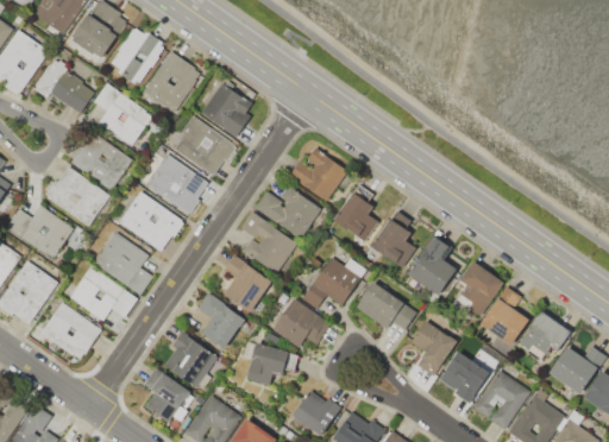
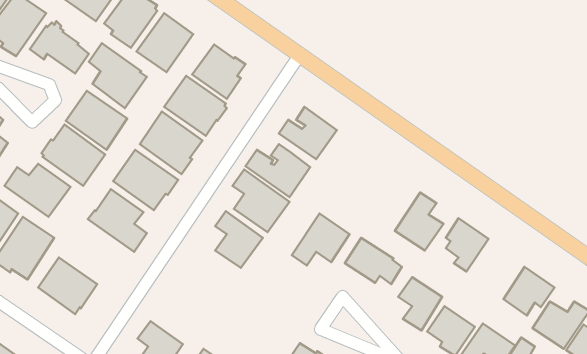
building: [332,185,377,242] -> none
building: [370,219,416,269] -> none
building: [68,266,137,321] -> none
building: [479,285,529,347] -> none
building: [196,293,245,351] -> none
building: [270,298,329,348] -> none
building: [161,330,218,391] -> none
building: [241,341,297,387] -> none

